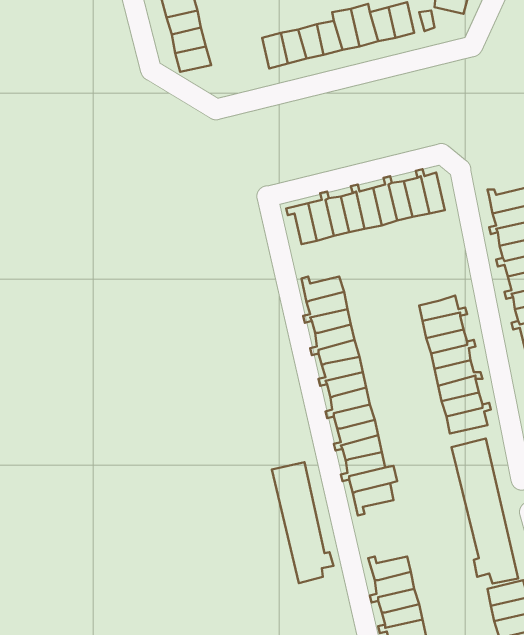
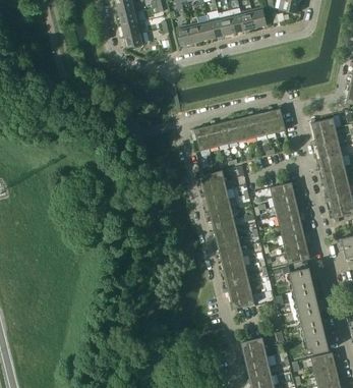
building: [272,462,333,583] -> none

